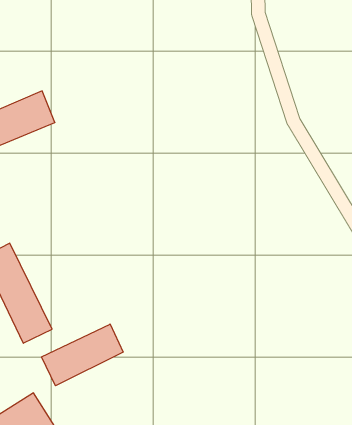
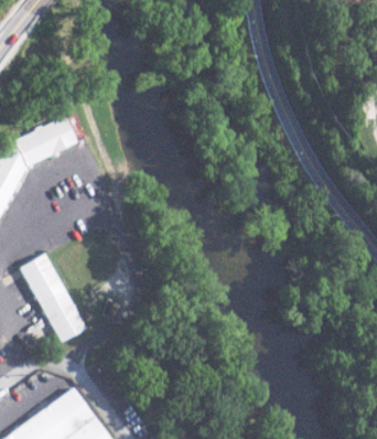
building: [42,324,123,386] -> none

